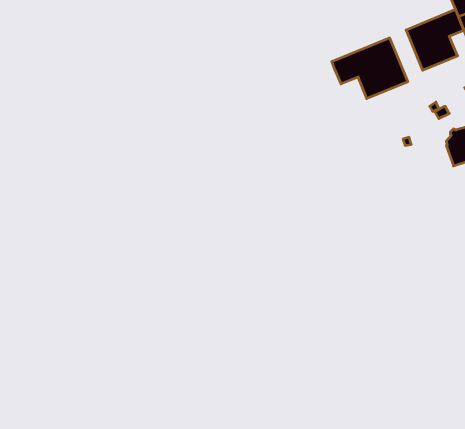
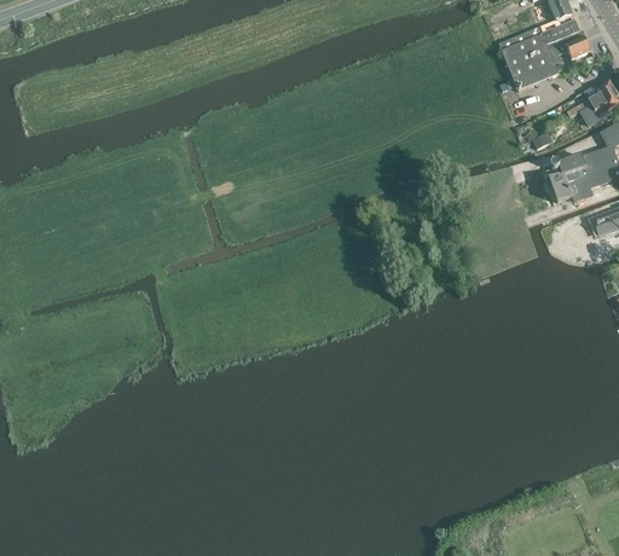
building: [332,38,408,99] -> none

